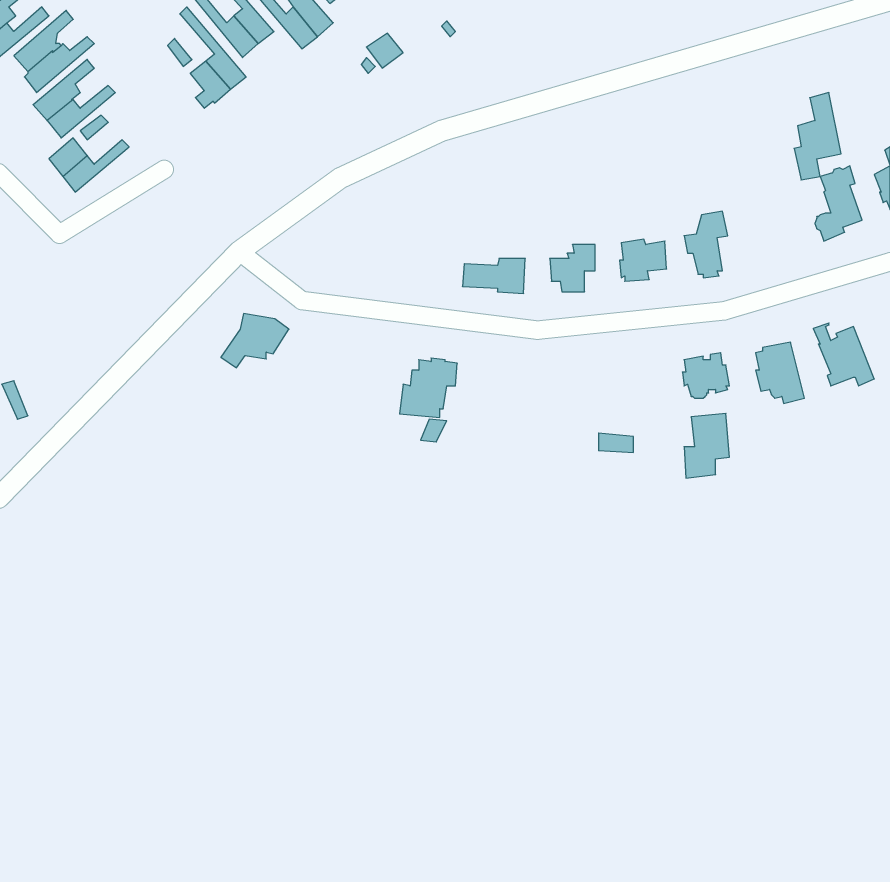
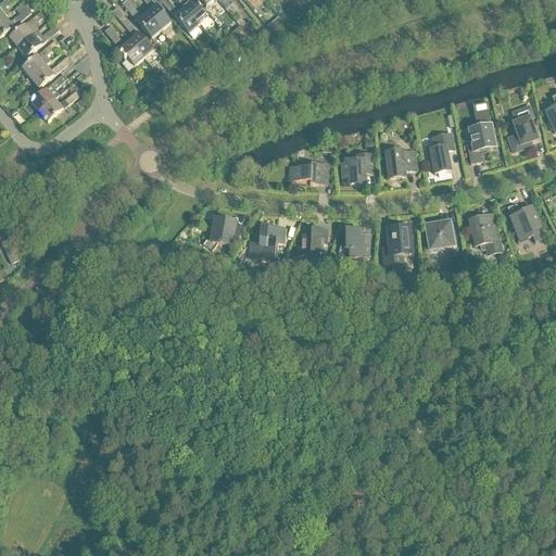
building: [794,93,841,180] -> [466,106,495,161]
building: [221,314,289,368] -> [202,215,244,249]
building: none -> [296,226,327,257]
building: none -> [338,226,369,255]
building: [684,413,729,478] -> [382,224,410,264]

